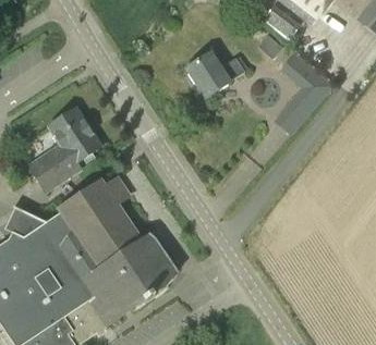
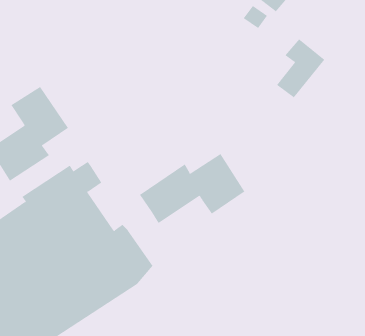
building: [185,51,245,97] -> none
building: none -> [139,153,245,224]

